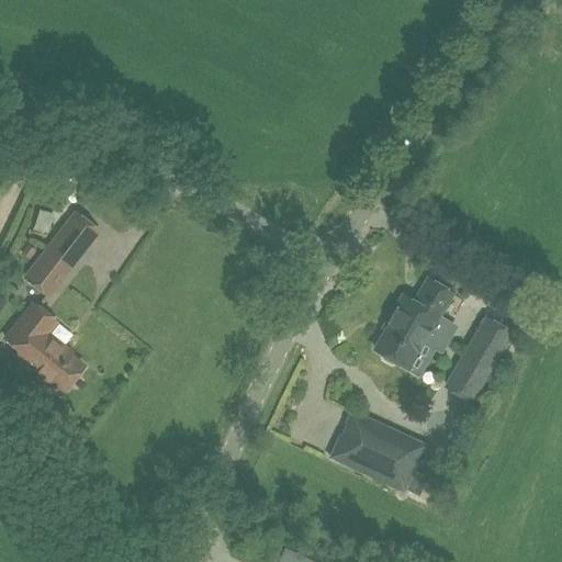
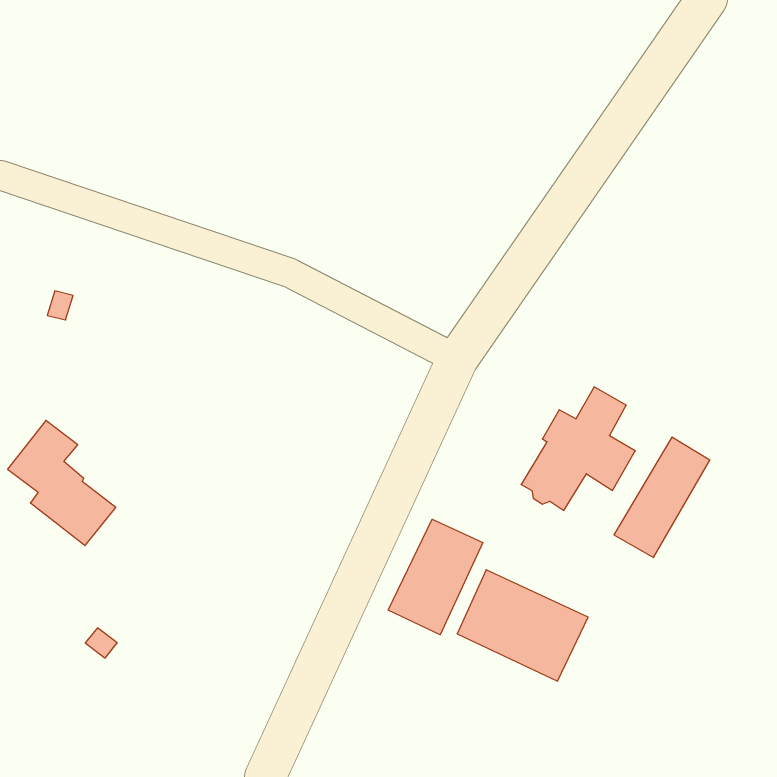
building: [26,213,99,295] -> none
building: none -> [388,519,483,635]

